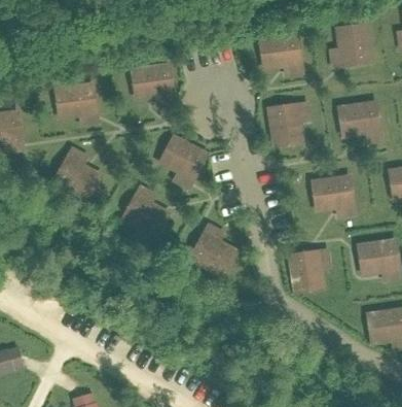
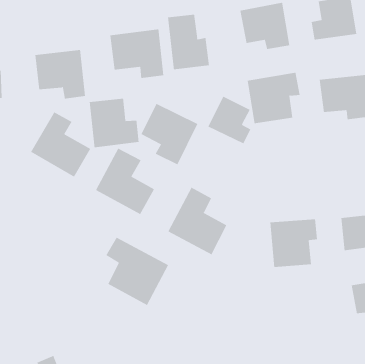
building: none -> [167,14,209,70]
building: none -> [207,96,251,144]
building: none -> [89,98,139,148]
building: [310,176,359,218] -> none
building: none -> [105,237,169,306]

